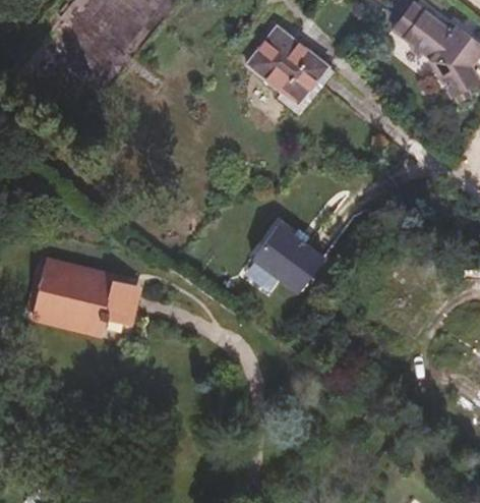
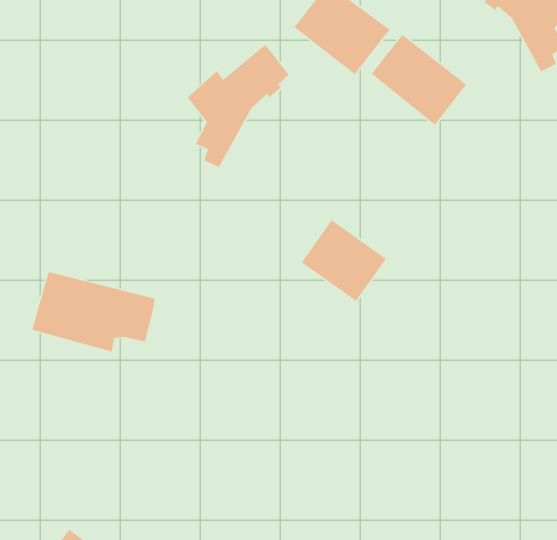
building: none -> [371,34,467,126]
building: none -> [187,44,289,168]

